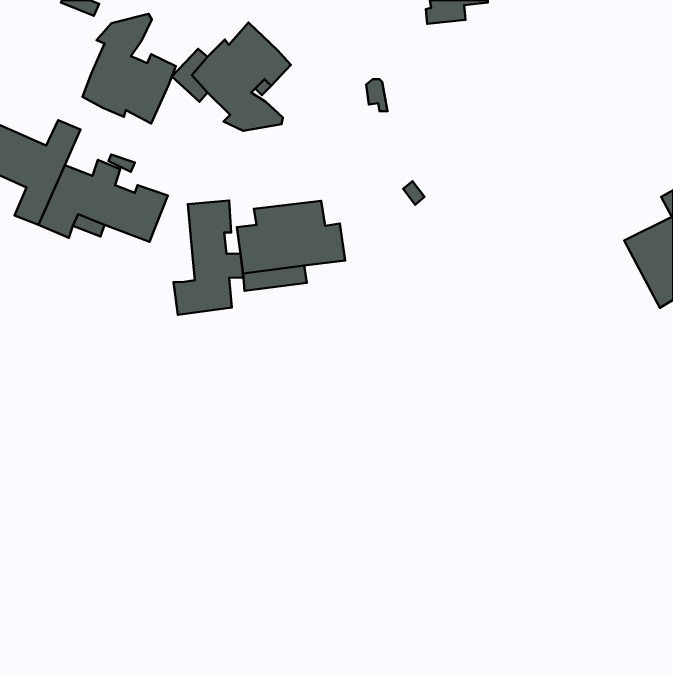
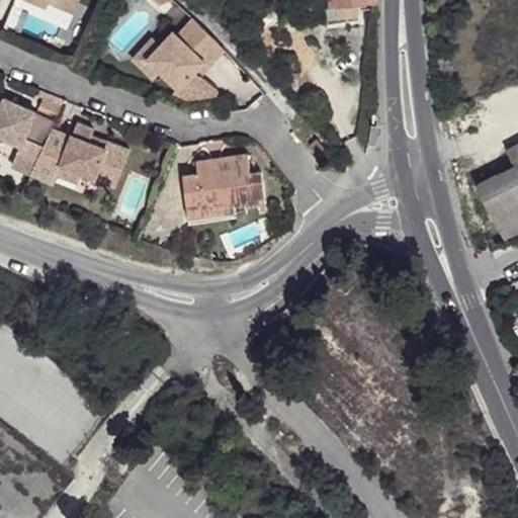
building: [82,14,176,123] -> none
building: [174,200,243,315] -> none

